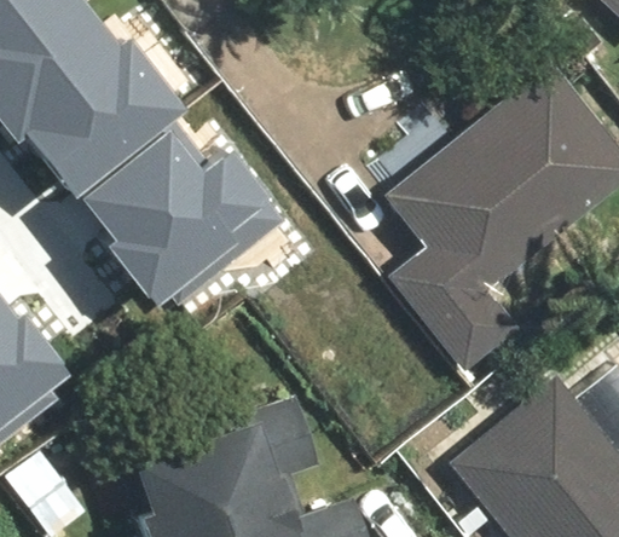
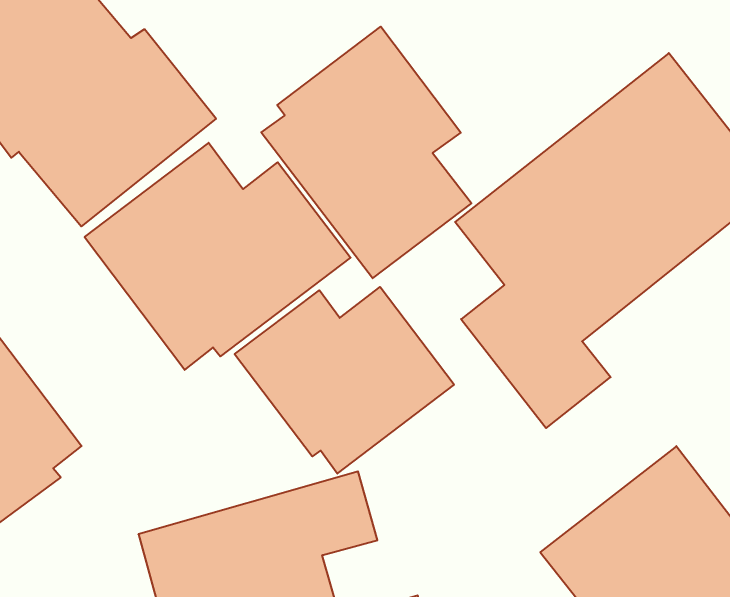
building: none -> [261,27,471,278]
building: none -> [235,287,454,474]

